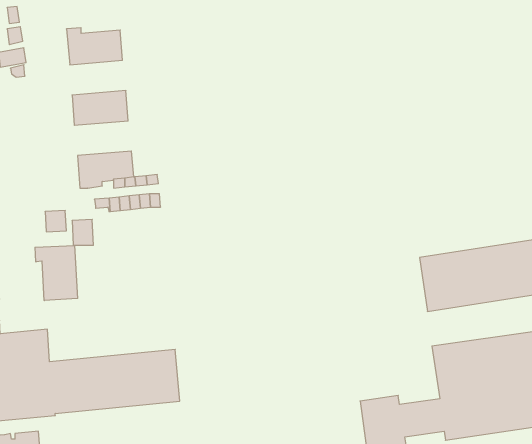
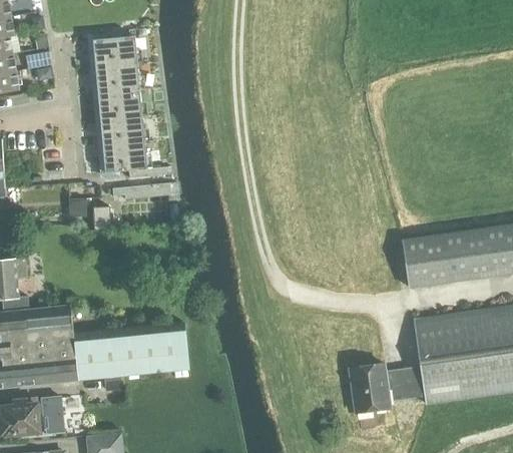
building: none -> [90,64,140,95]
building: none -> [94,118,145,149]
building: [35,245,78,301] -> none

